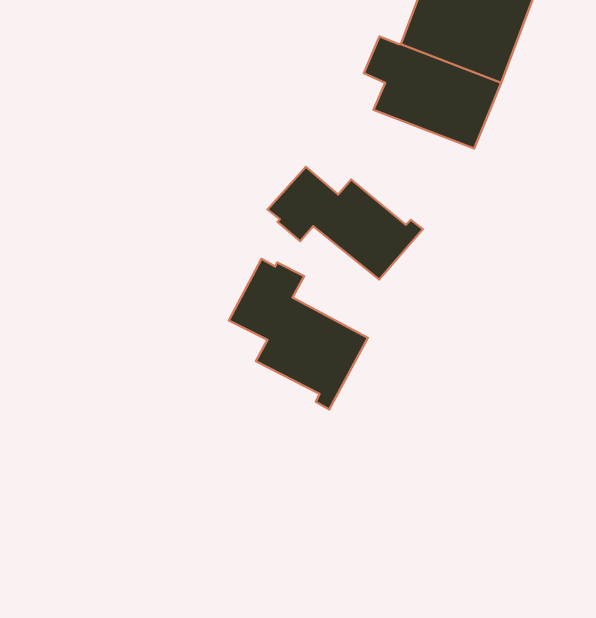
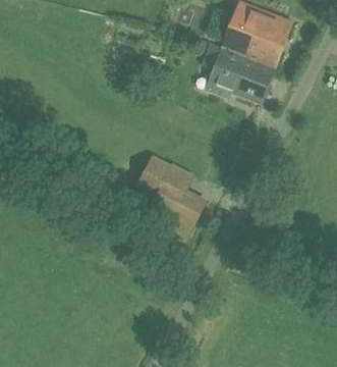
building: [268,167,423,279] -> none

